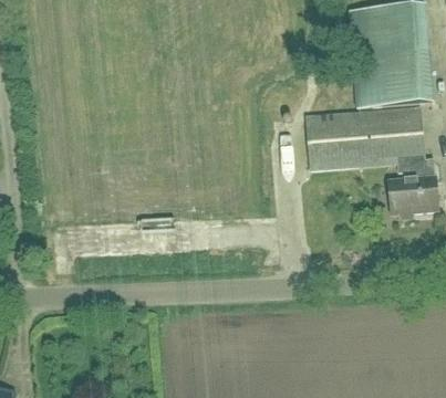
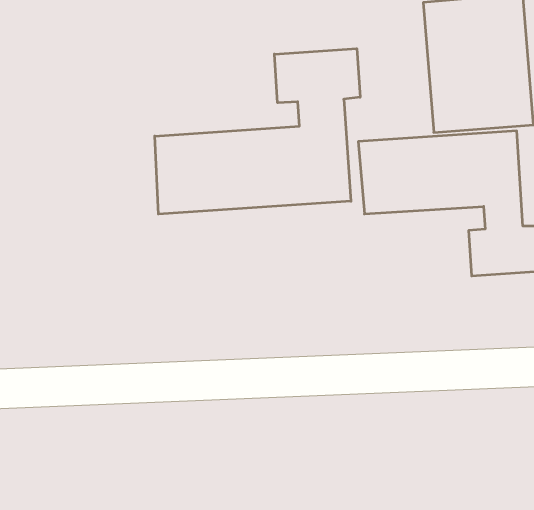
building: none -> [155,49,360,214]

